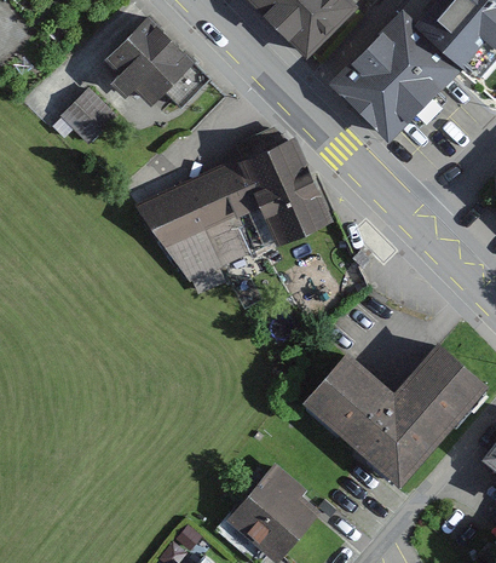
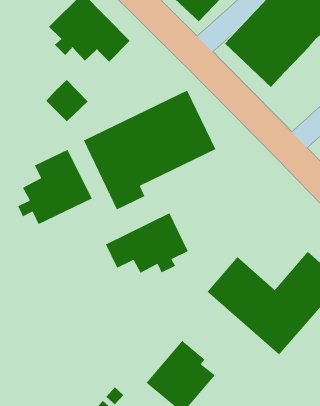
building: [63,87,119,143] -> [45,79,88,122]
building: none -> [17,149,93,225]
building: none -> [105,212,189,274]

